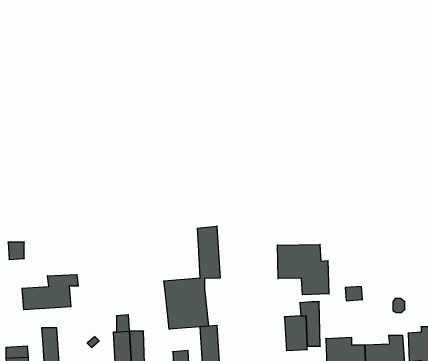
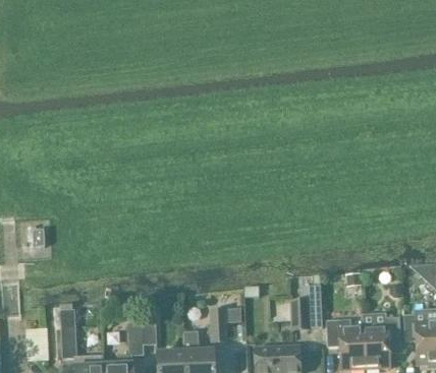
building: [164,226,220,329] -> none
building: [277,244,329,295] -> none
building: [22,275,78,310] -> none

